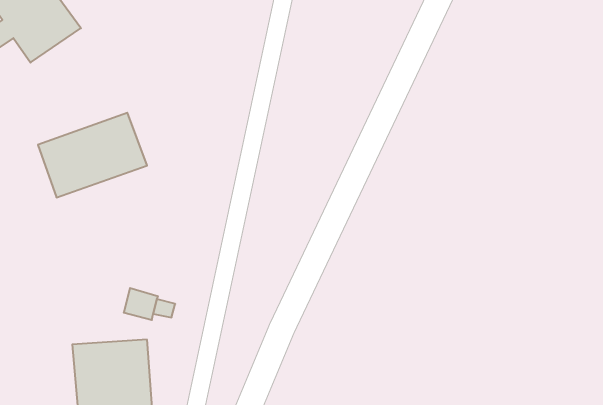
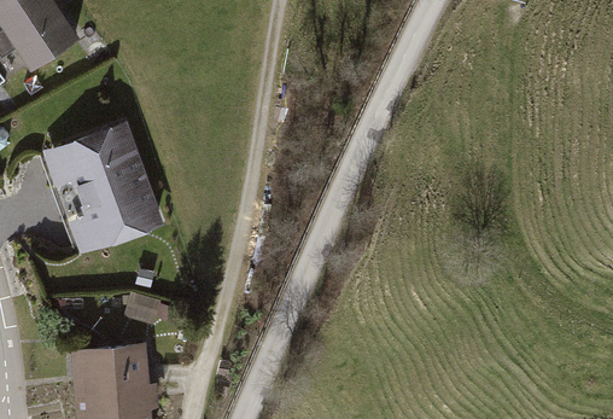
building: none -> [57,173,164,256]

